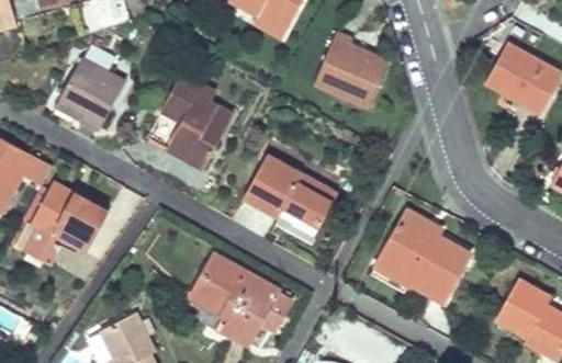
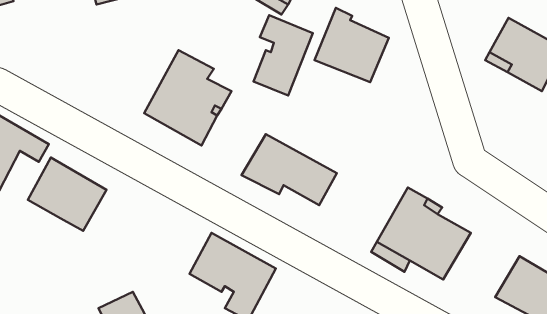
building: none -> [254,15,313,95]
building: [58,57,126,128] -> none
building: [10,219,64,264] -> none

